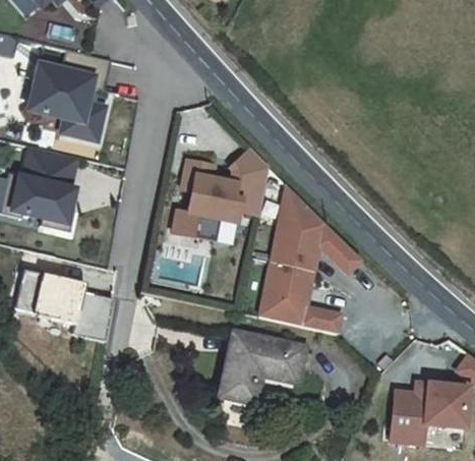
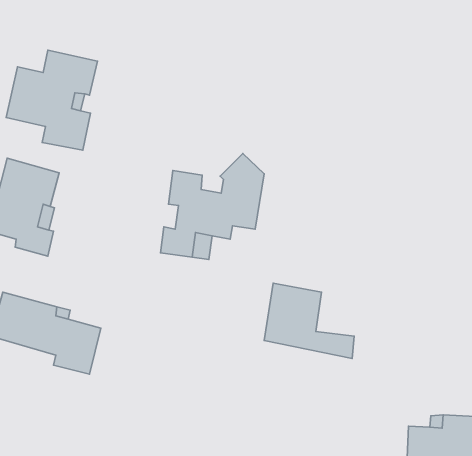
building: [272,186,360,272] -> none
building: [220,335,304,407] -> none

